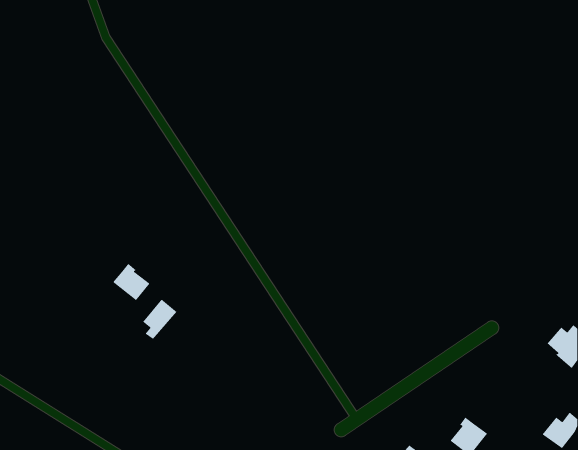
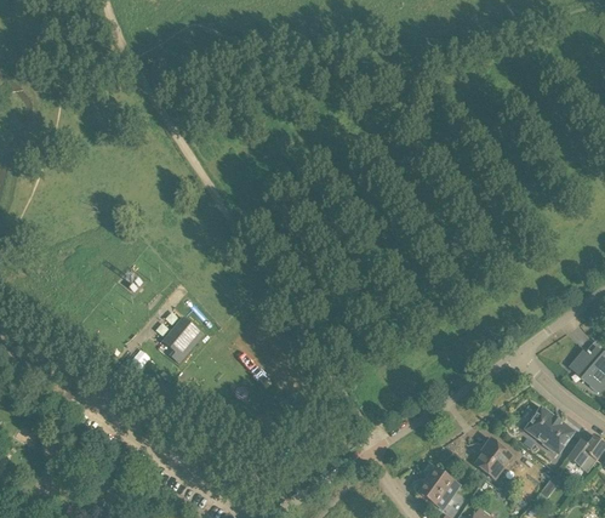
building: [112,263,150,301] -> none
building: none -> [525,404,575,451]

